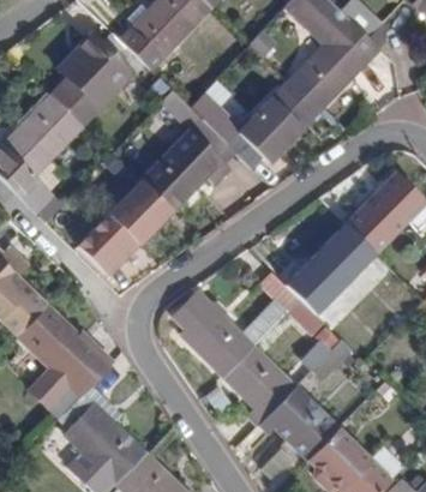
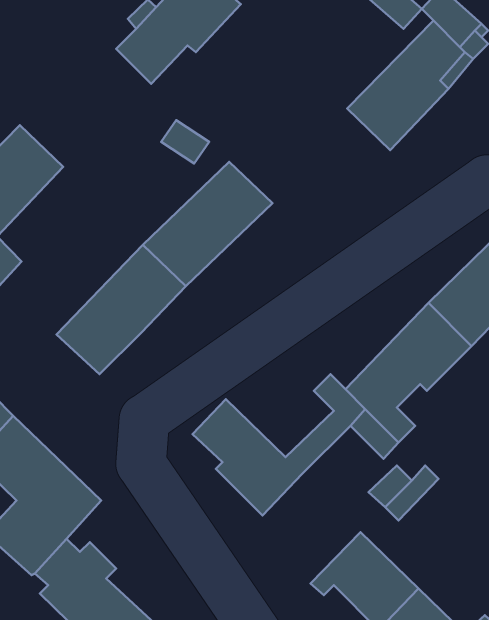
building: [50,32,138,125] -> none
building: [202,83,318,169] -> none
building: [226,347,296,418] -> none

